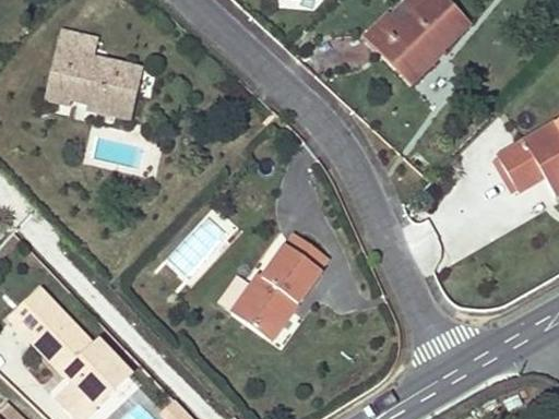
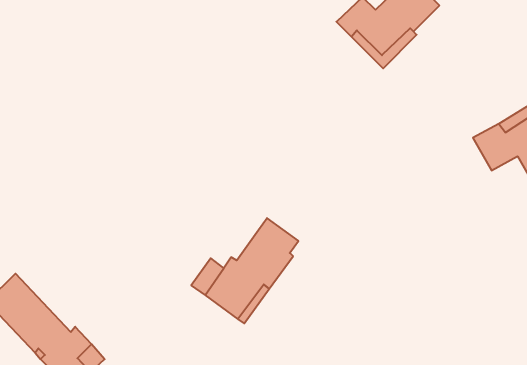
building: [49,32,139,118] -> none

